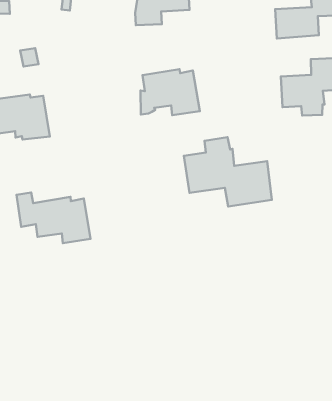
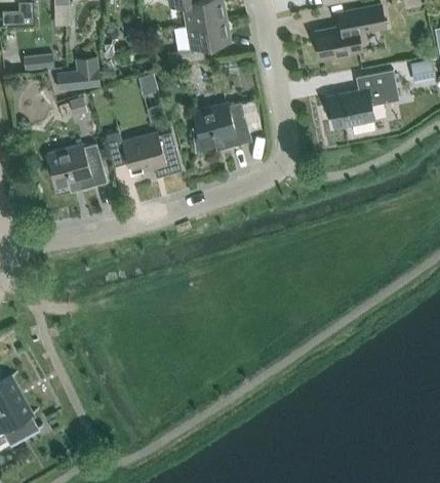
building: none -> [57,69,101,90]
building: [184,137,272,207] -> none
building: [16,192,91,243] -> [105,131,183,177]

